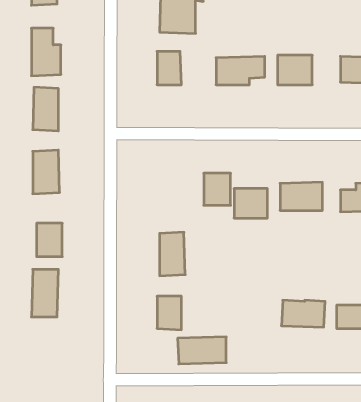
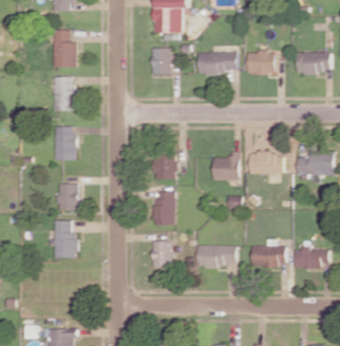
building: [204,173,231,205] -> [153,153,175,179]
building: [178,337,226,364] -> [197,245,235,266]

